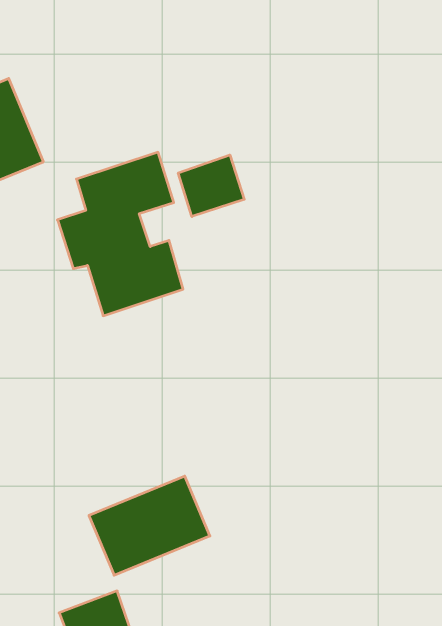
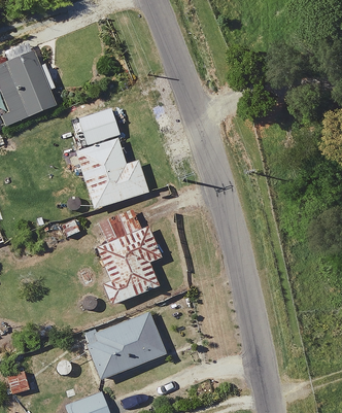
building: [178,155,244,217] -> none
building: none -> [97,210,161,305]

